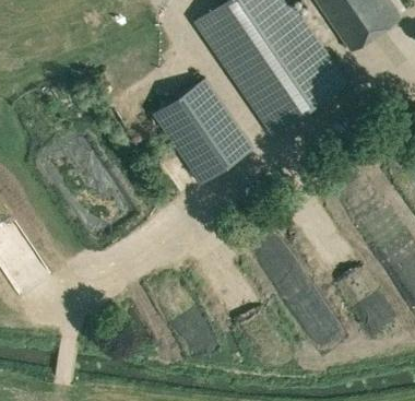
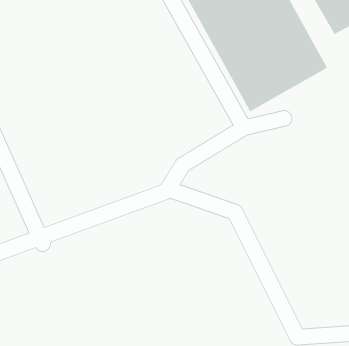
building: [151,80,253,185] -> none

